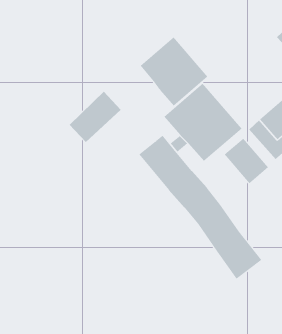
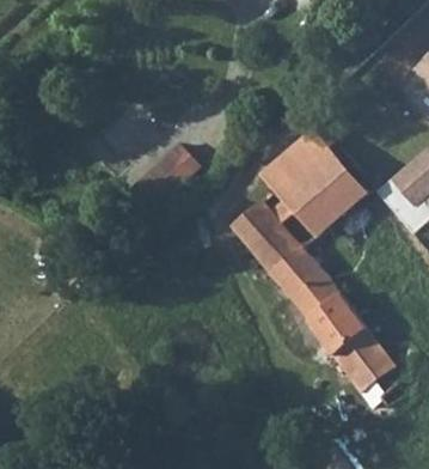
building: [140,37,208,107] -> none
building: [224,138,269,184] -> none

